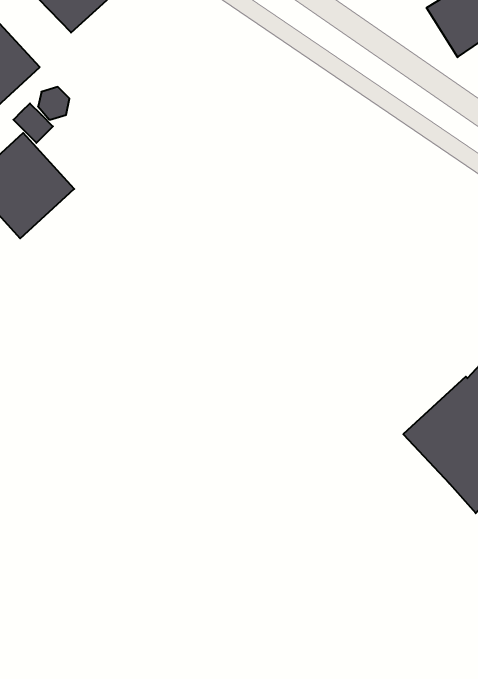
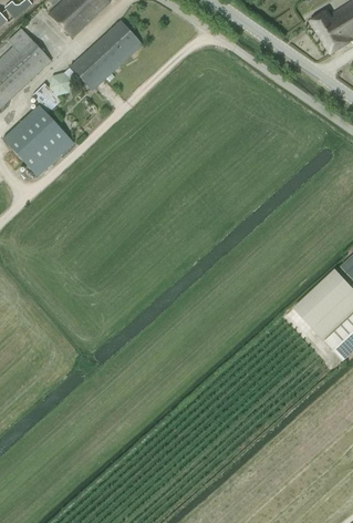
building: none -> [71,20,143,90]

